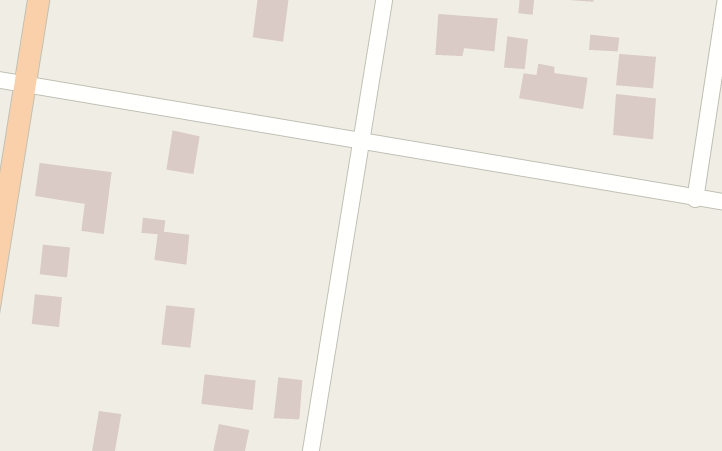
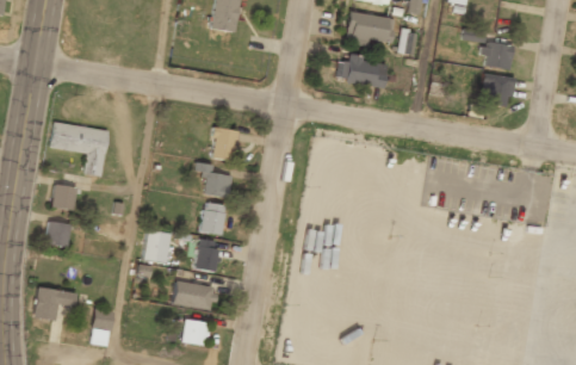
building: [518,63,589,110] -> [335,54,388,88]
building: [165,130,201,175] -> [211,126,237,160]
building: [141,217,190,265] -> [194,162,231,198]
building: none -> [202,203,225,235]
building: [273,377,303,420] -> [196,239,218,271]
building: none -> [33,286,76,321]

